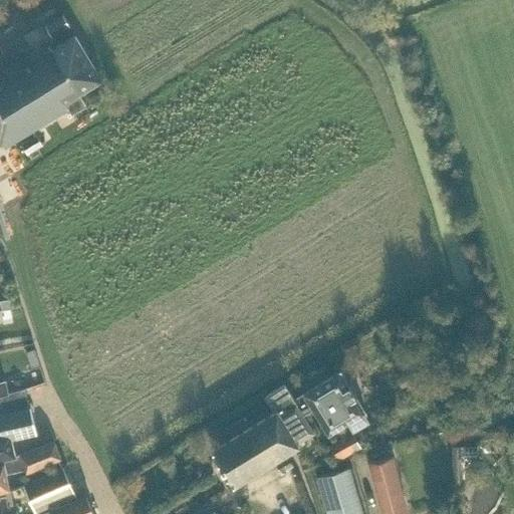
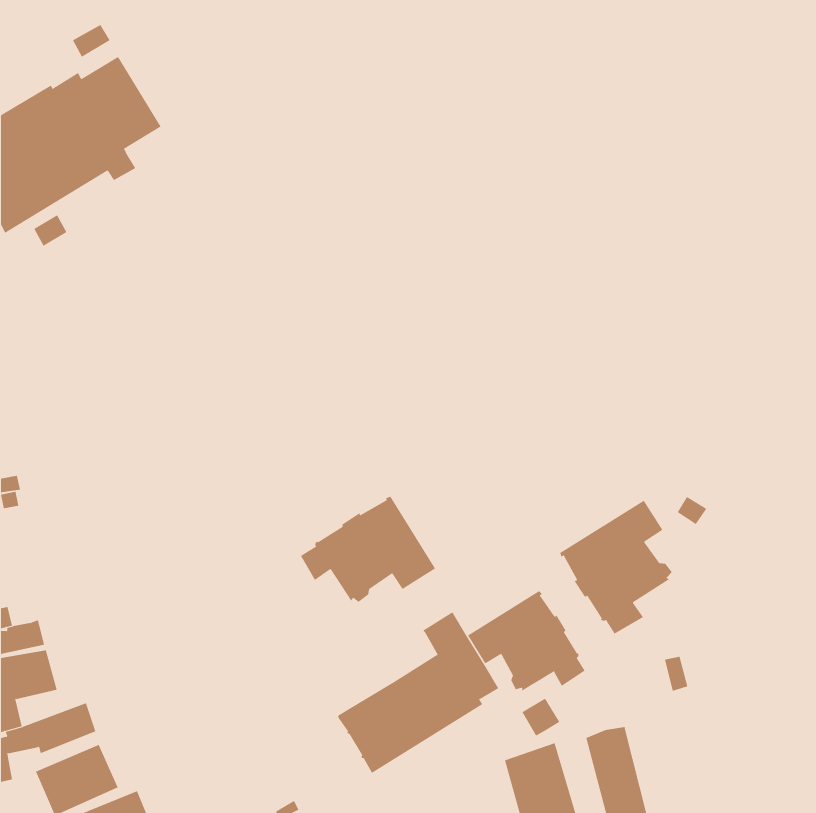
building: none -> [300,496,436,603]
building: none -> [559,500,672,634]

